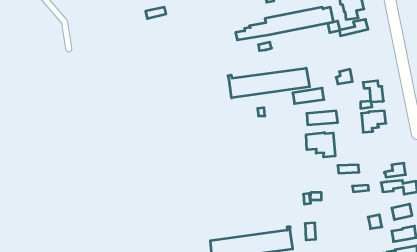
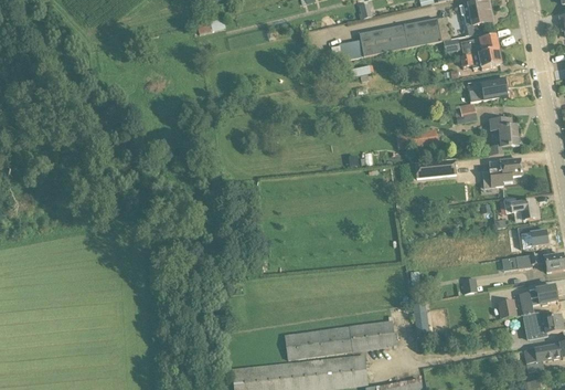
building: none -> [454,48,501,68]
building: none -> [477,76,507,98]
building: [228,68,310,98] -> none
building: [306,132,335,157] -> none
building: none -> [503,197,539,220]

